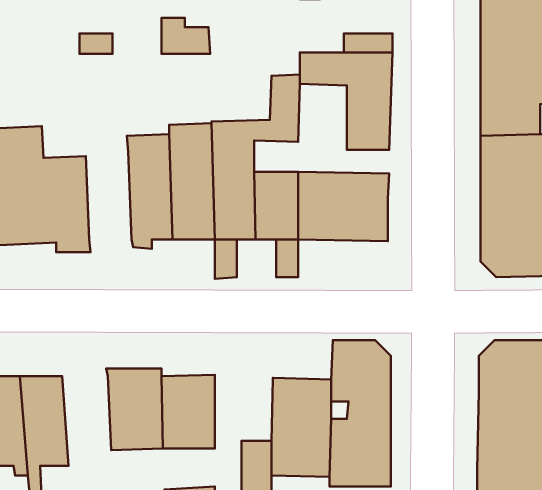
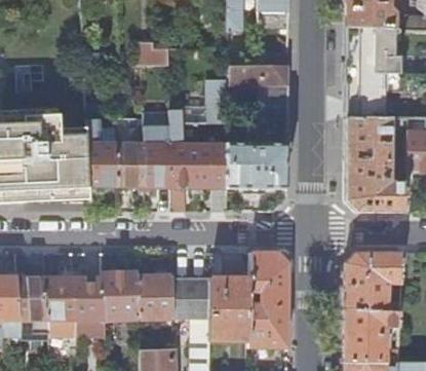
building: none -> [87,121,118,187]
building: none -> [73,276,105,335]
building: none -> [172,279,210,319]

